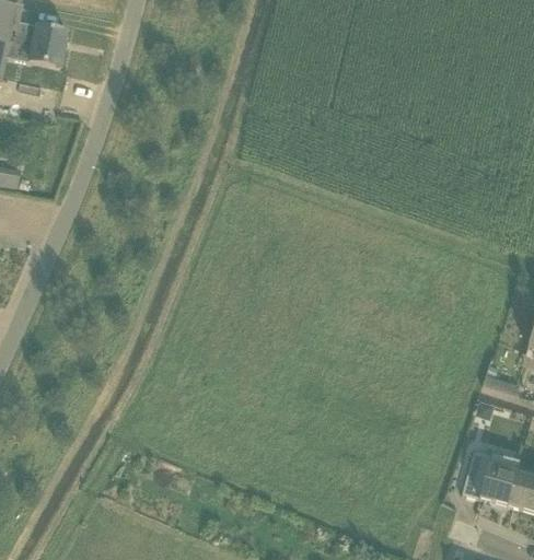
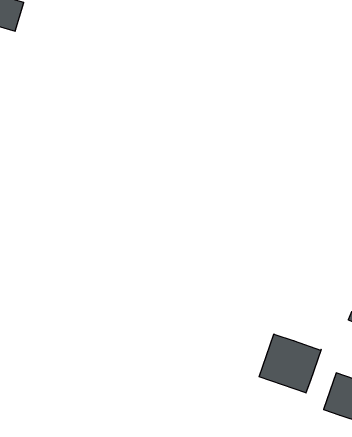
building: none -> [259,334,321,393]

